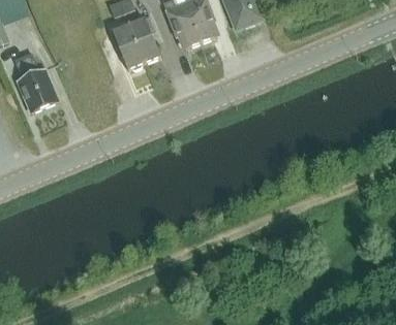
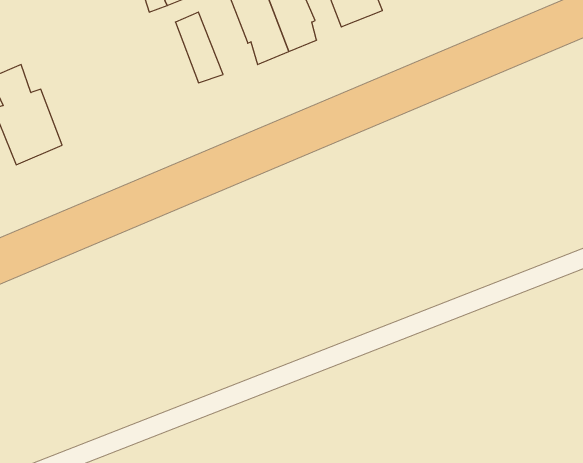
building: [114,24,146,69] -> none

